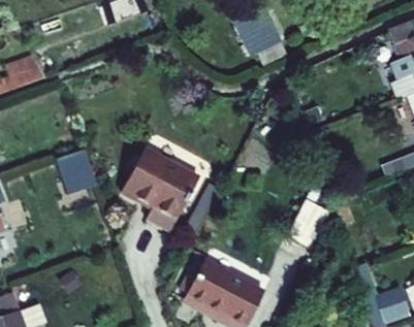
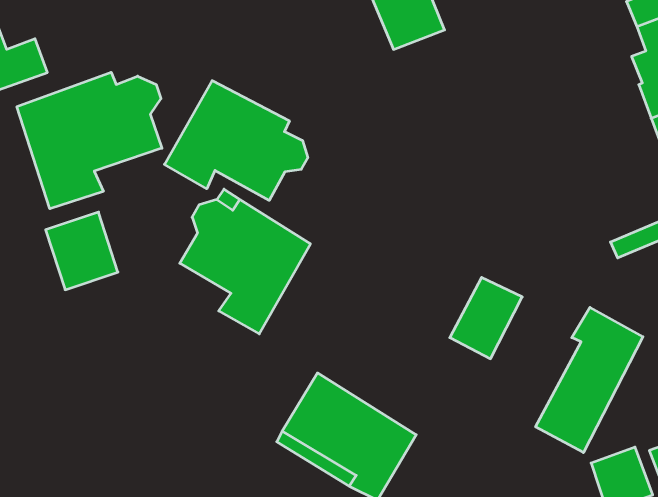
building: none -> [17,72,162,209]
building: none -> [164,81,308,200]
building: none -> [536,307,643,453]

